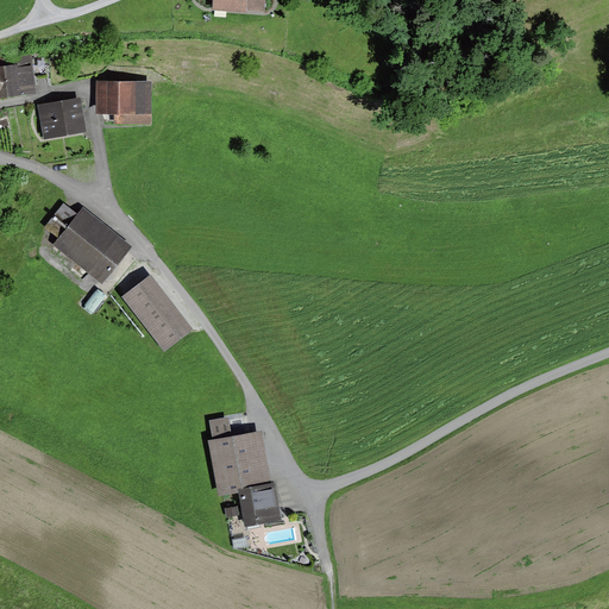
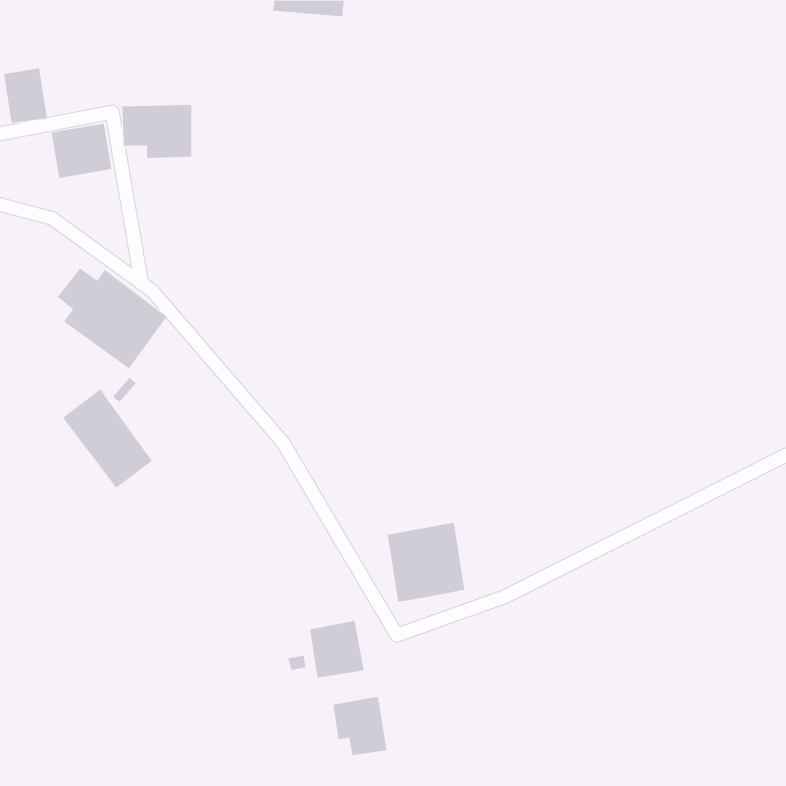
building: [120,276,190,353] -> [62,389,153,489]
building: [209,428,270,490] -> [387,522,465,602]
building: none -> [333,696,387,756]

